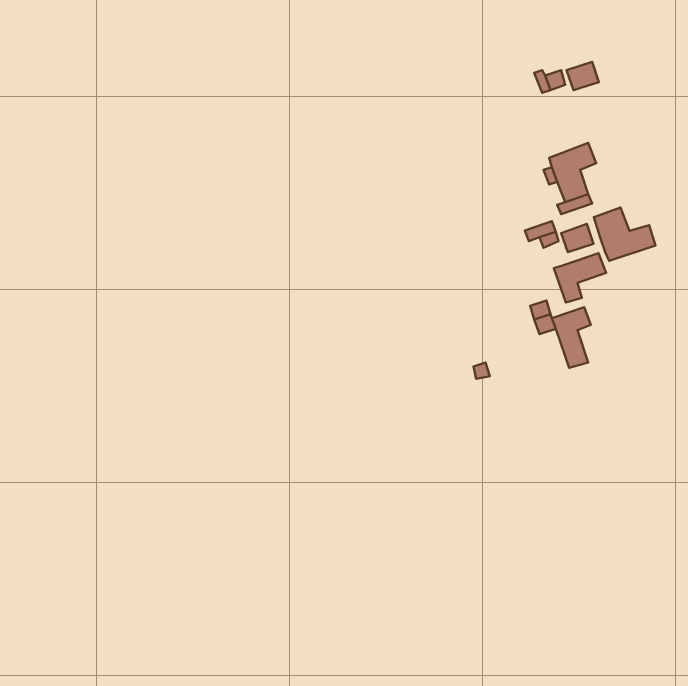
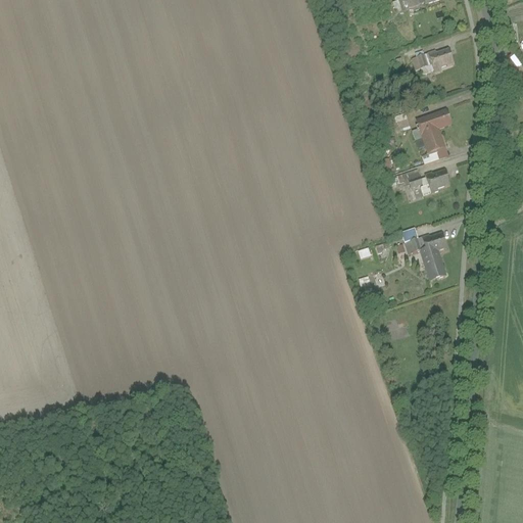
building: [594,208,656,261] -> none
building: [554,253,606,303] -> none

